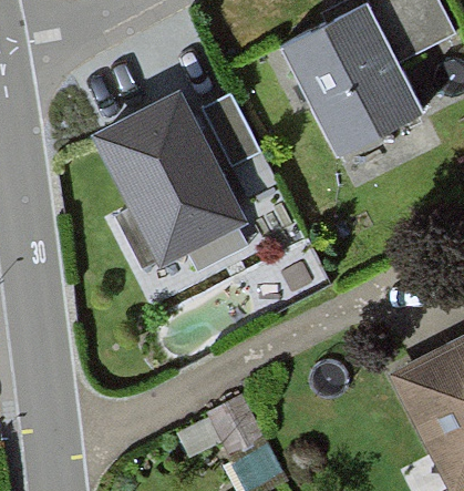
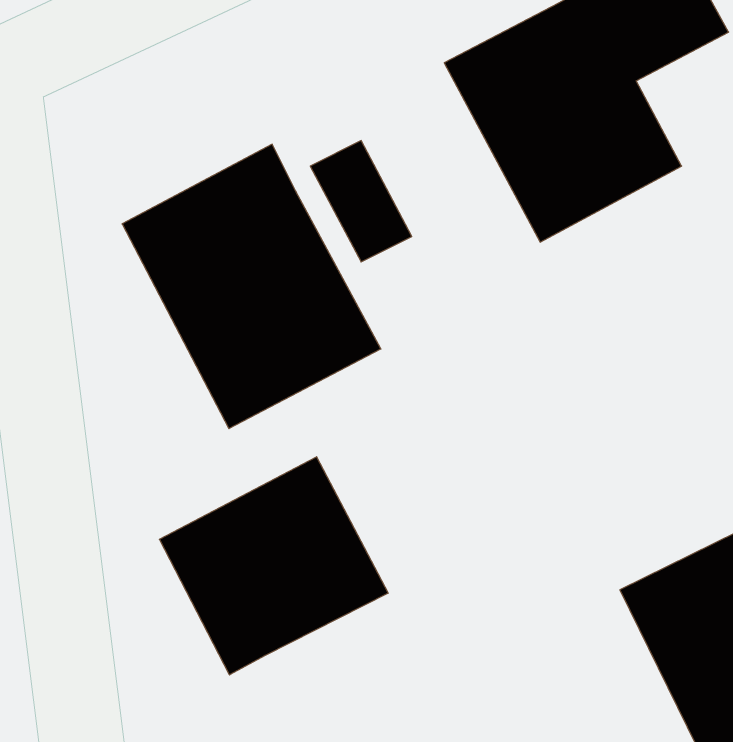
building: none -> [159,457,388,675]

